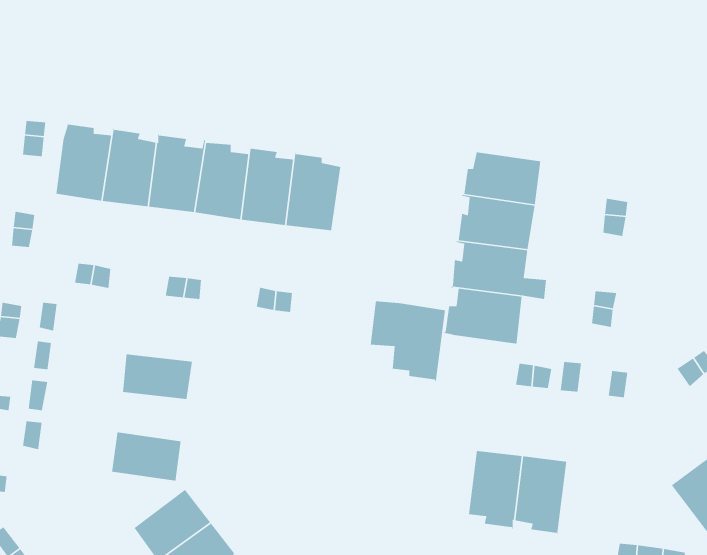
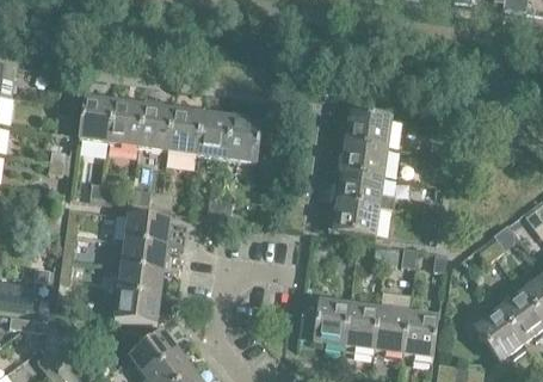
building: [370,301,446,382] -> [300,297,348,350]
building: none -> [123,214,169,246]
building: none -> [117,266,162,297]
building: none -> [401,310,438,362]

